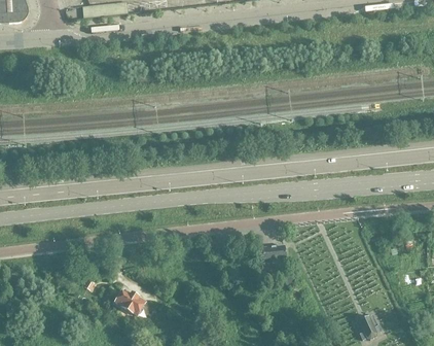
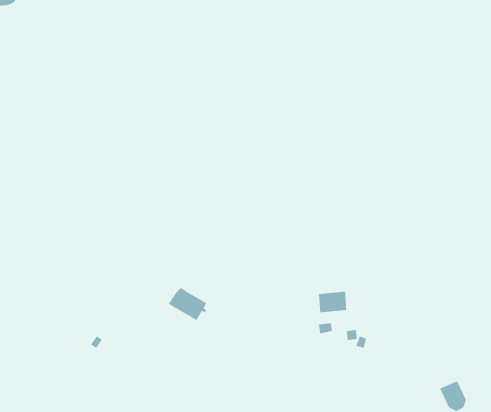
building: [113,286,144,313] -> [168,287,207,321]

